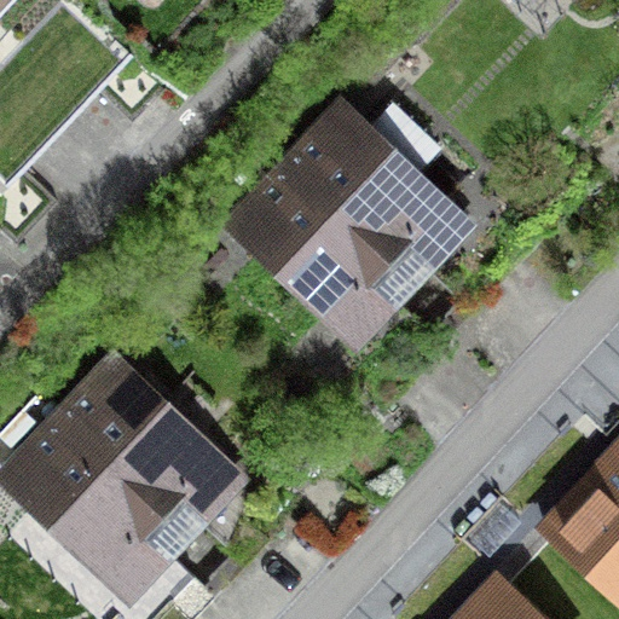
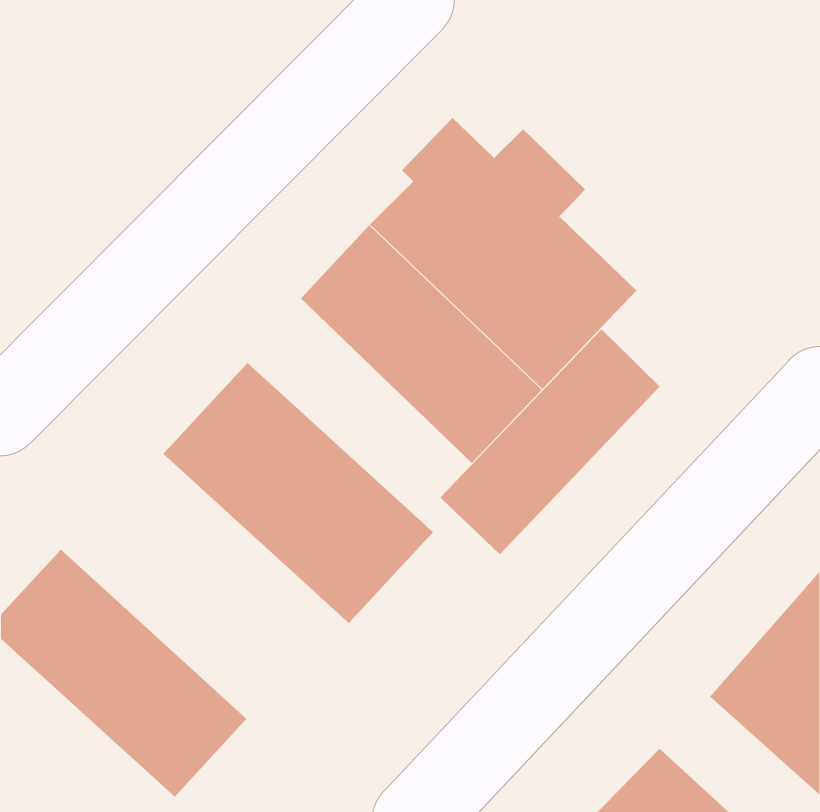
building: none -> [440,329,660,555]
building: [46,351,250,548] -> [163,362,434,624]

